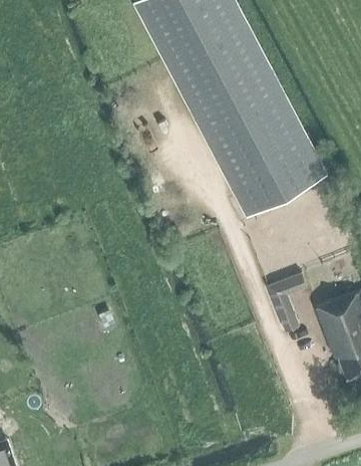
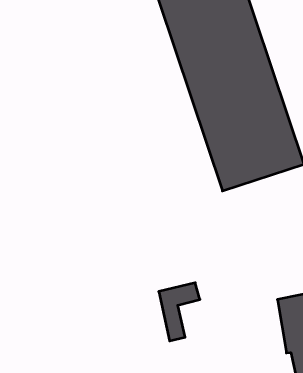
building: [267,274,307,333] -> [159,283,200,341]

